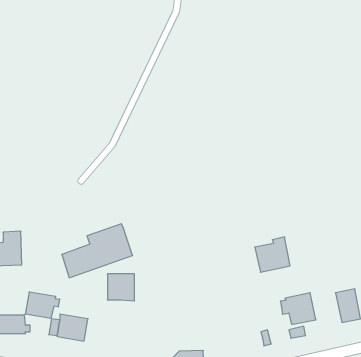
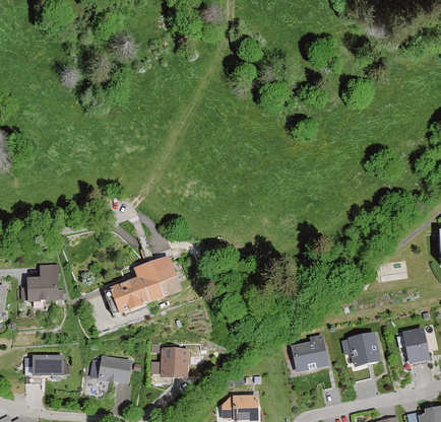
building: [255,237,290,272] -> [291,334,329,372]
building: [107,274,134,301] -> [160,348,189,377]
building: [26,292,60,318] -> none

